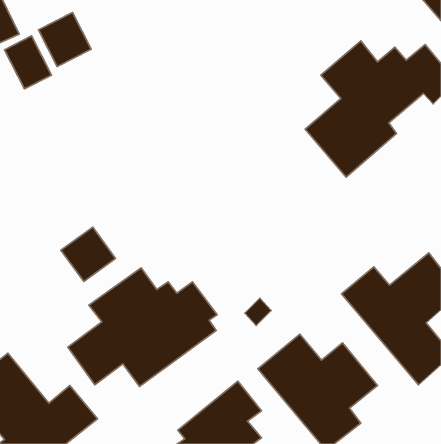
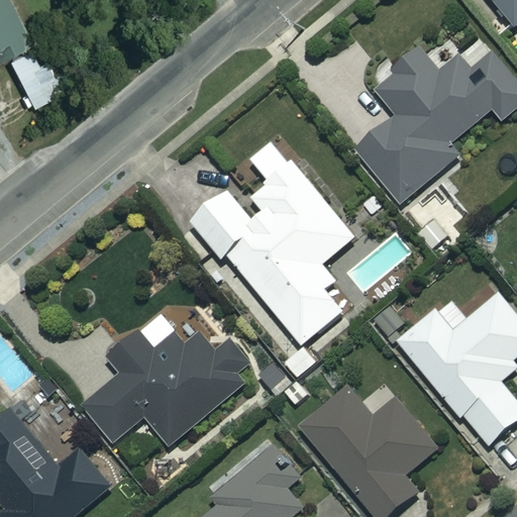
building: [39,13,91,66] -> none
building: none -> [190,161,353,343]
building: [61,227,116,282] -> none

